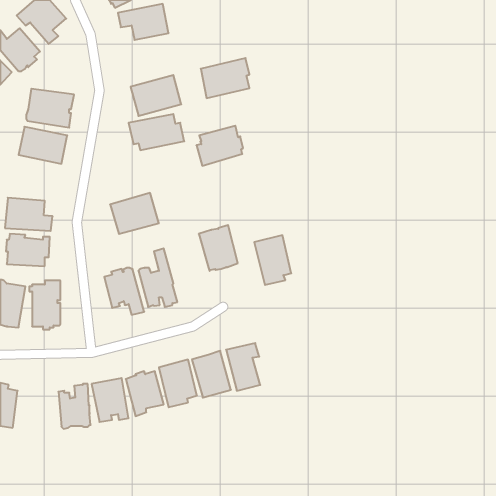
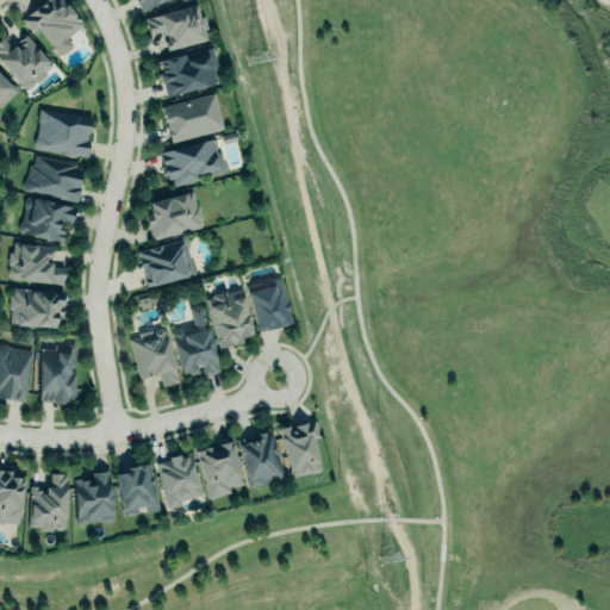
building: [201,58,249,98] -> [158,49,218,98]
building: [196,126,243,166] -> [145,193,203,242]
building: none -> [18,198,76,244]
building: [254,235,291,285] -> [207,290,253,350]
building: none -> [29,475,67,533]

